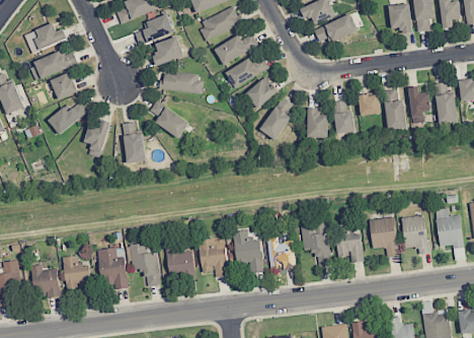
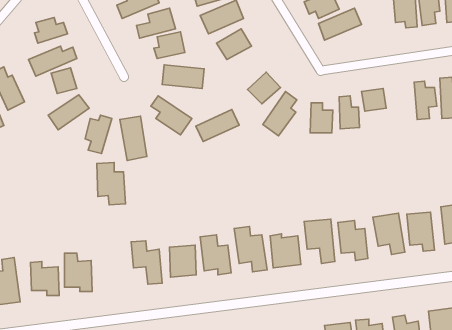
building: [227,55,269,86] -> [196,110,239,141]
building: [385,89,406,130] -> none
building: [99,248,128,289] -> [97,163,126,205]

